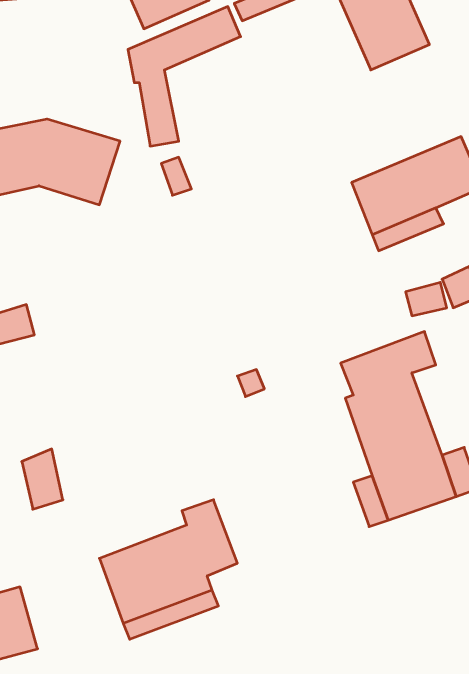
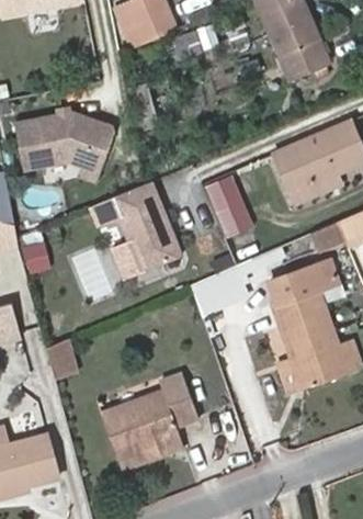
building: none -> [205,174,252,237]
building: none -> [112,180,183,271]

